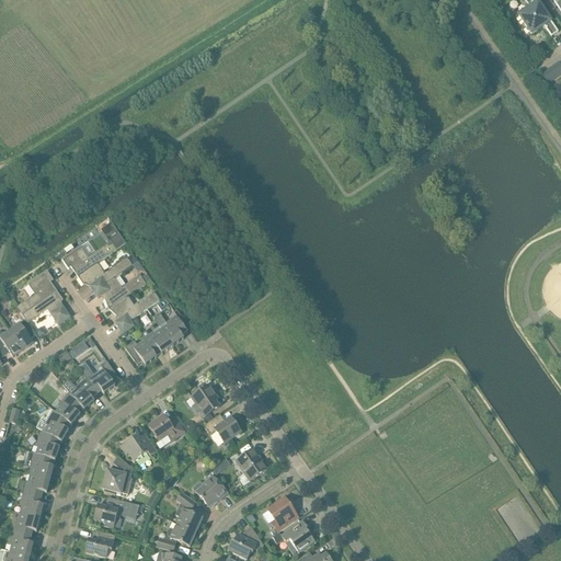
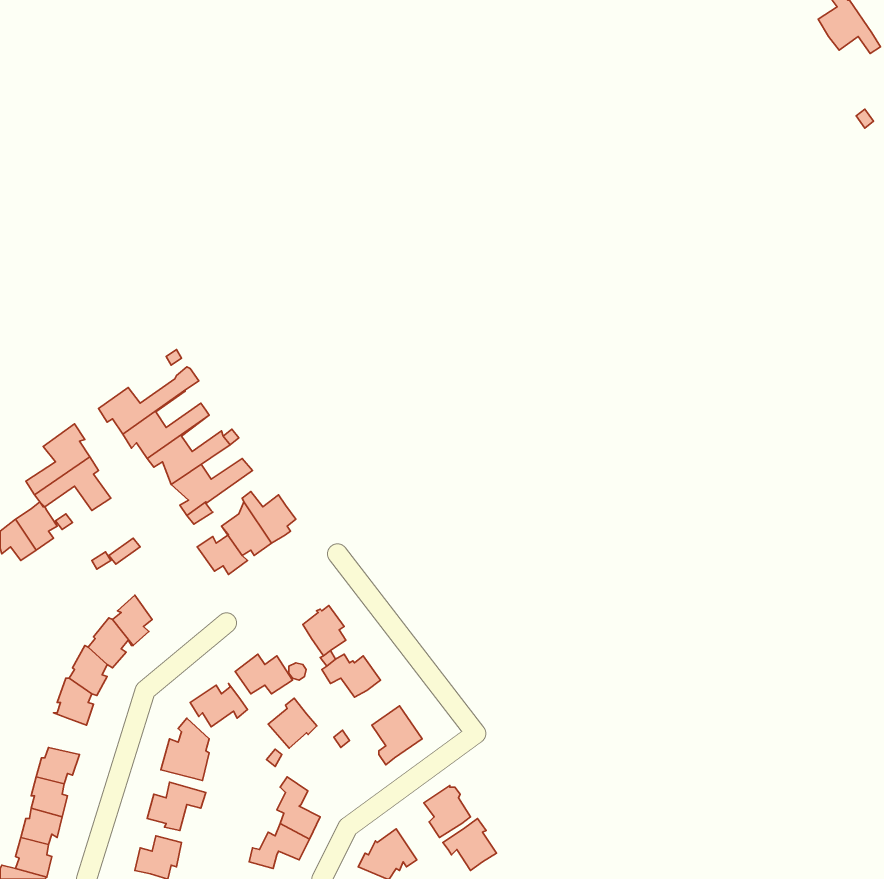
building: [77,358,119,392] -> none
building: [25,449,55,478] -> none
building: [196,473,227,505] -> [268,698,317,748]

